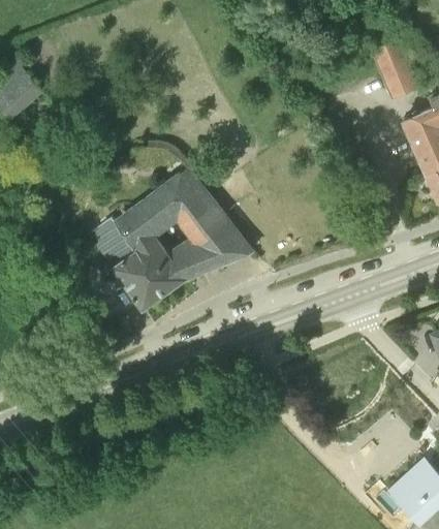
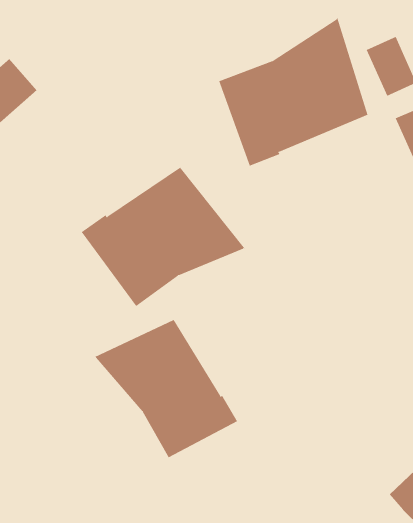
building: none -> [219,17,368,167]
building: none -> [94,319,238,458]

